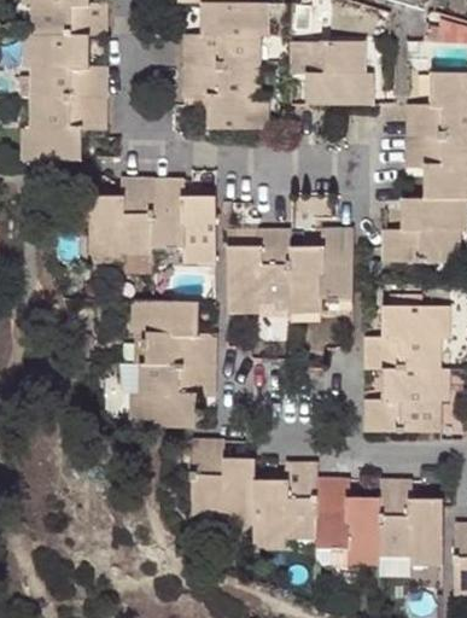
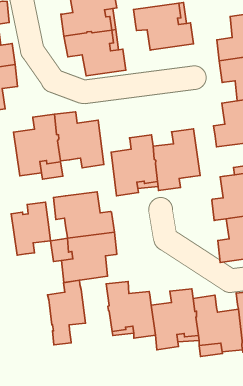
building: none -> [11,202,51,255]
building: none -> [48,280,86,345]

